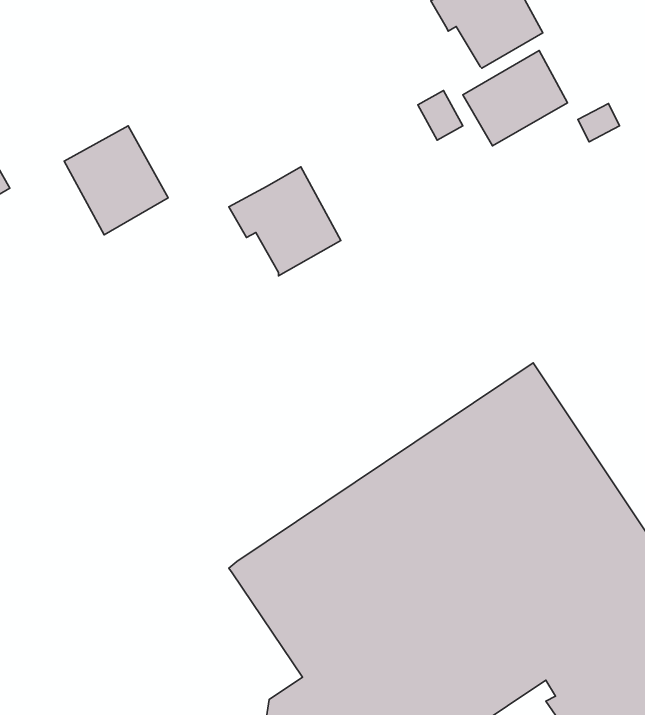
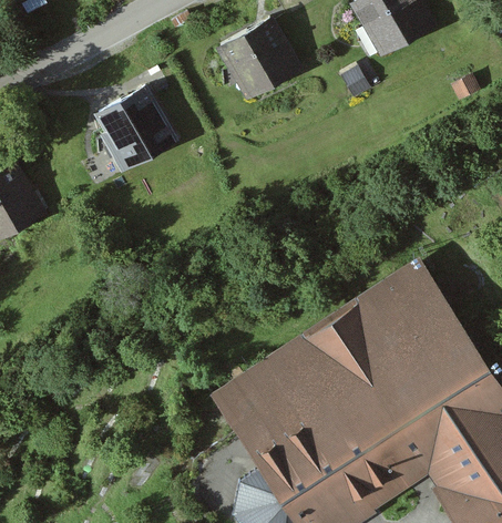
building: [463,50,568,146] -> none
building: [229,167,341,276] -> [216,20,294,95]

